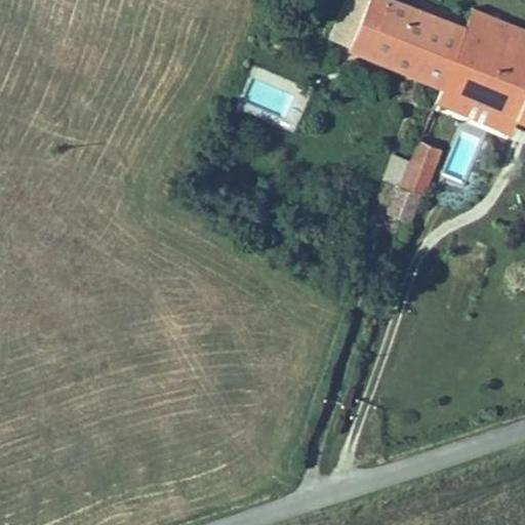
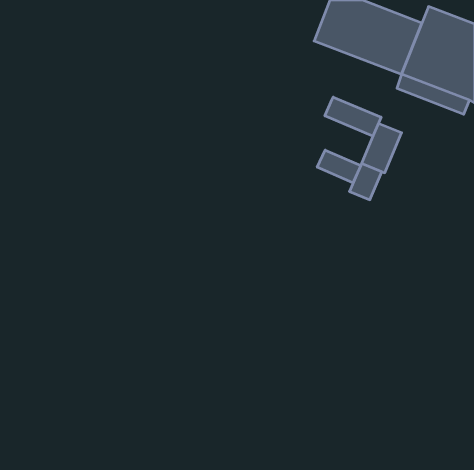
building: none -> [325,97,381,136]
building: none -> [317,150,361,183]

